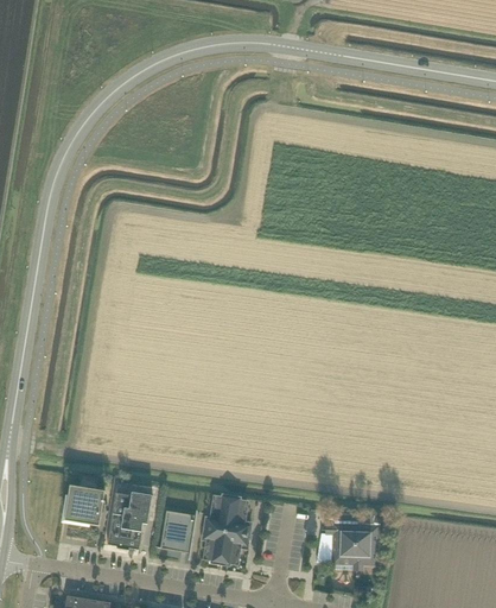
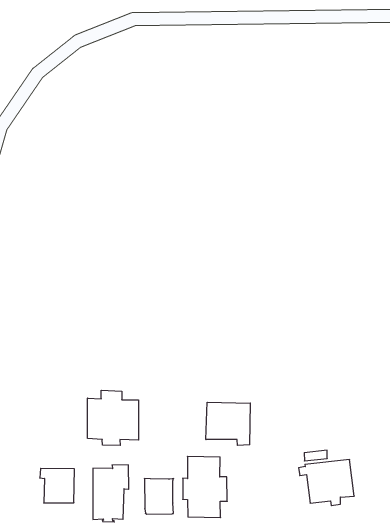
building: none -> [88,390,138,445]
building: none -> [206,402,250,445]

